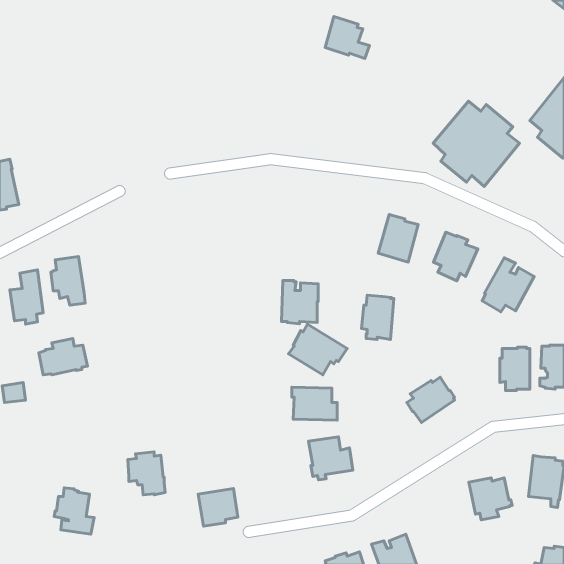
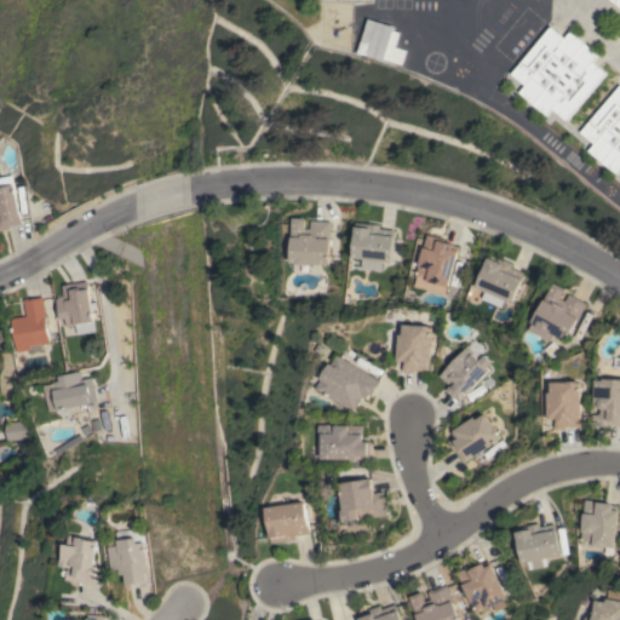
building: [433,101,519,186] -> [510,28,604,121]
building: none -> [350,224,394,270]
building: [282,281,318,324] -> [288,219,328,266]
building: none -> [437,341,489,403]
building: [128,452,165,495] -> [109,539,150,586]
building: [198,489,238,526] -> [265,503,309,544]
building: none -> [455,562,505,614]

